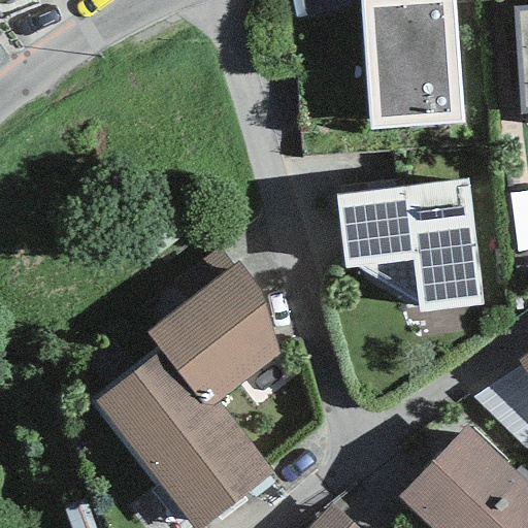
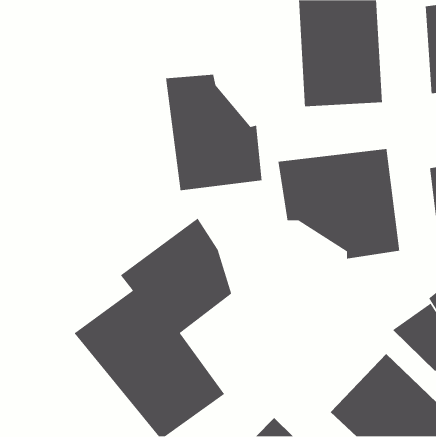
building: none -> [165,74,263,191]

